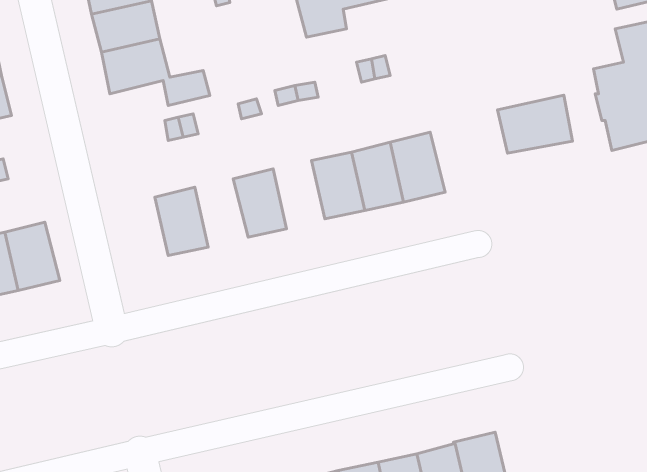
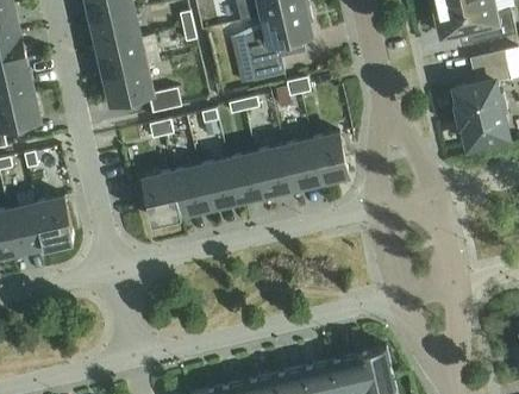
building: [498,95,573,153] -> none
building: none -> [226,154,263,202]
building: none -> [170,167,208,215]

